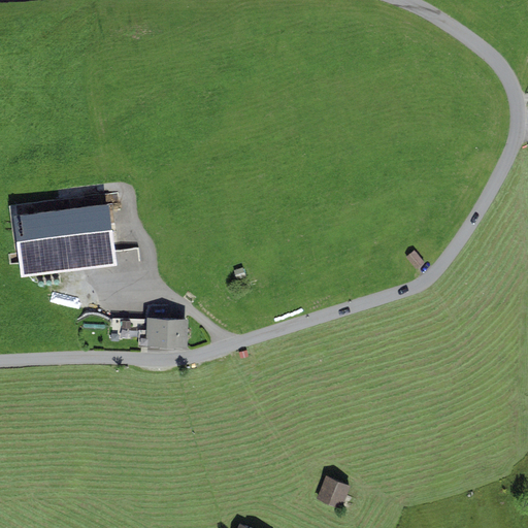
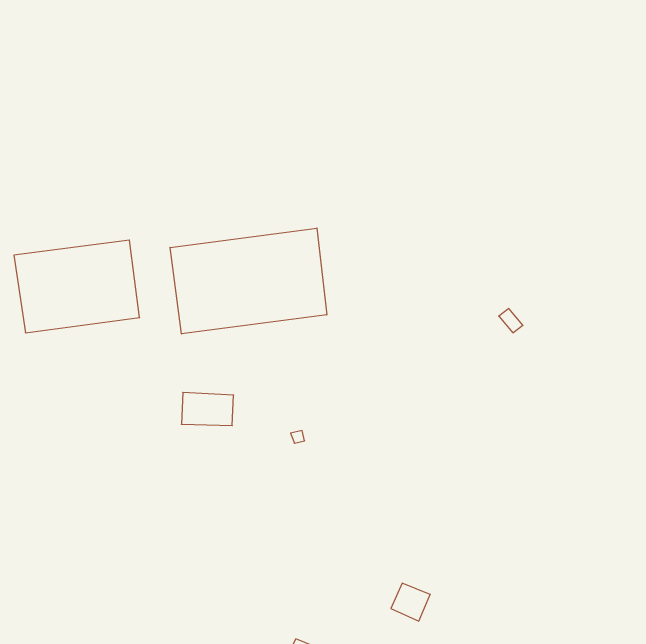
building: none -> [170,228,327,334]

